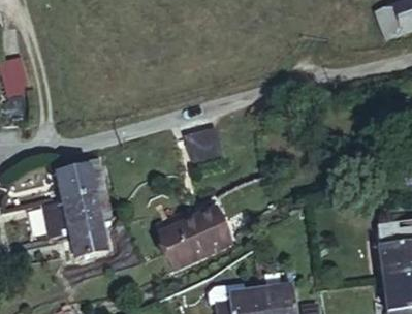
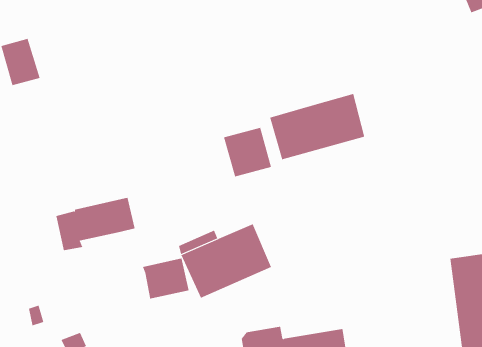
building: none -> [269,93,365,160]
building: [62,155,112,193] -> none
building: [72,212,112,246] -> [142,258,190,299]

